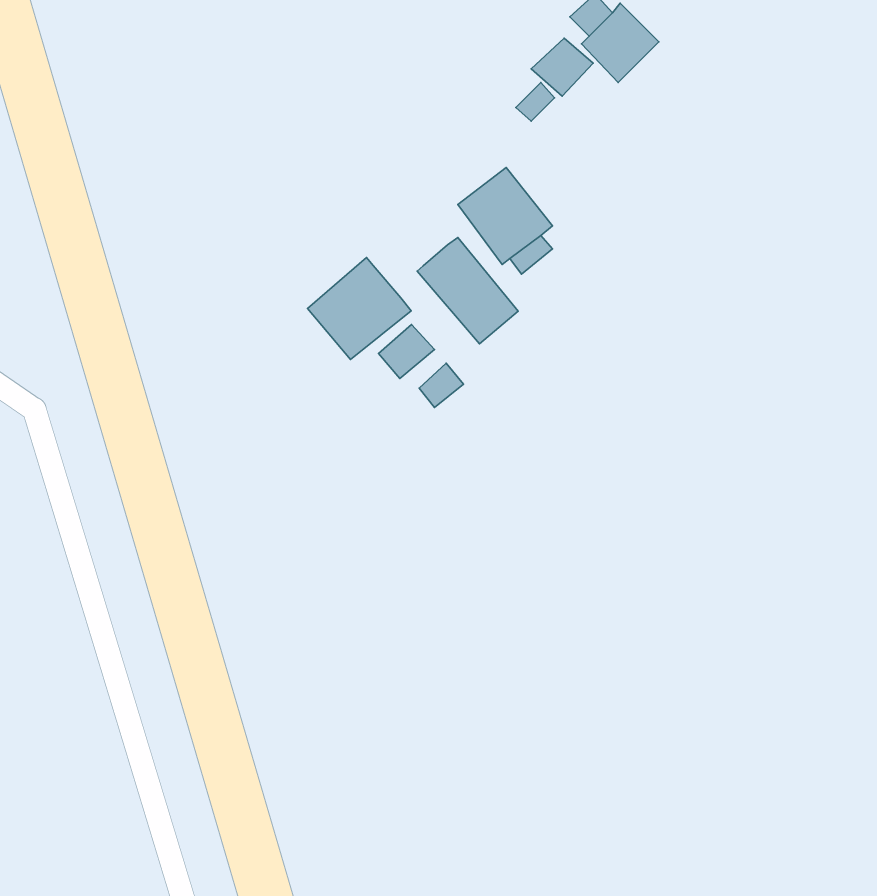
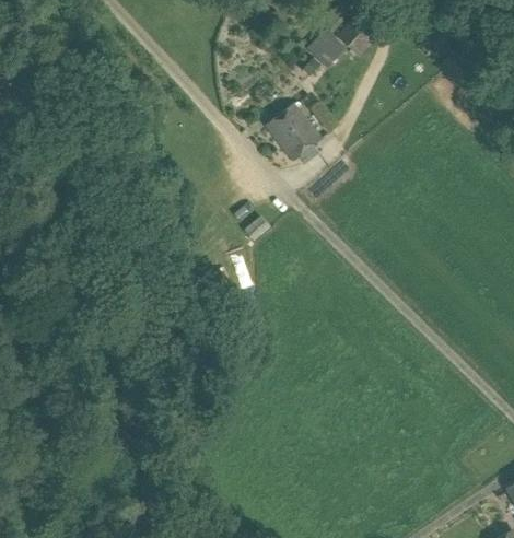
building: [417,237,518,344] -> none
building: [307,257,411,360] -> none

